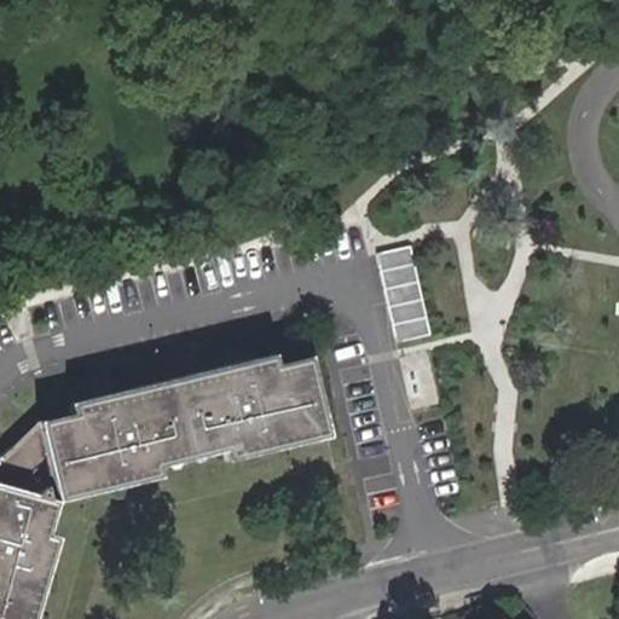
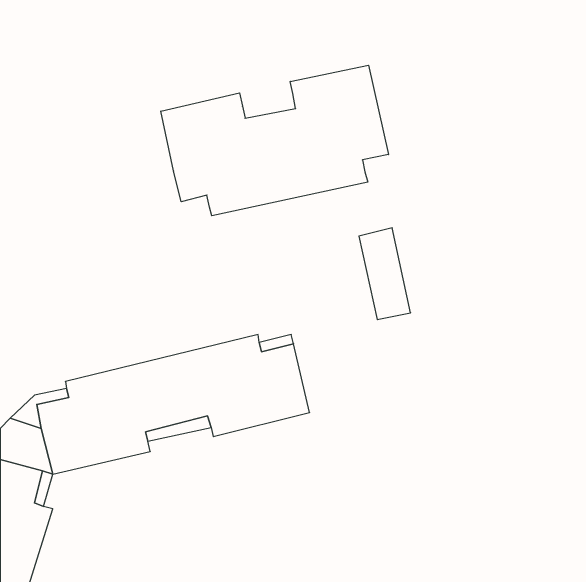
building: none -> [161,65,388,216]

